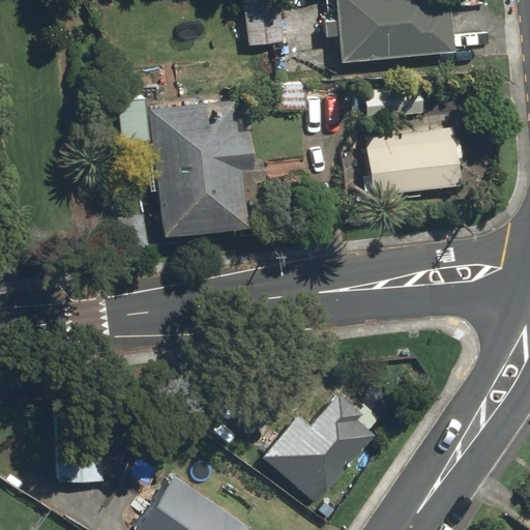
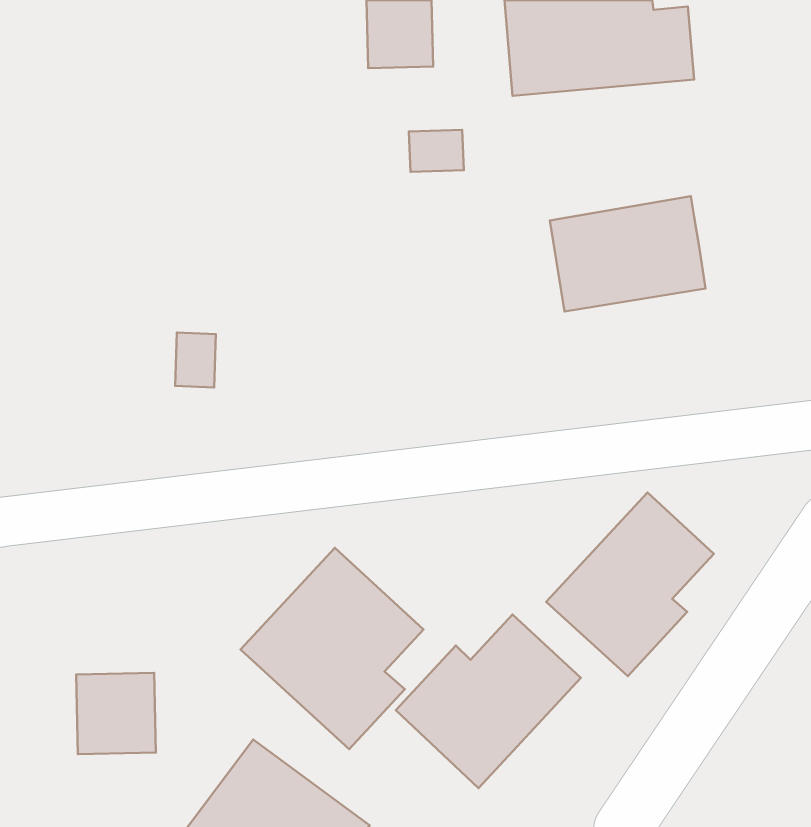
building: [119,99,255,235] -> none
building: none -> [546,492,714,676]
building: none -> [241,548,423,749]

